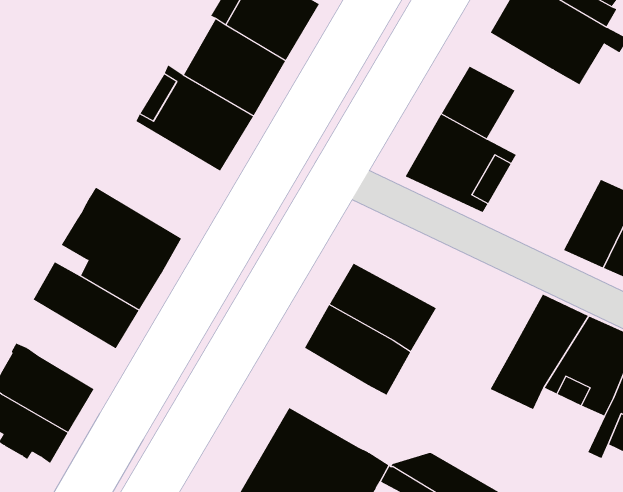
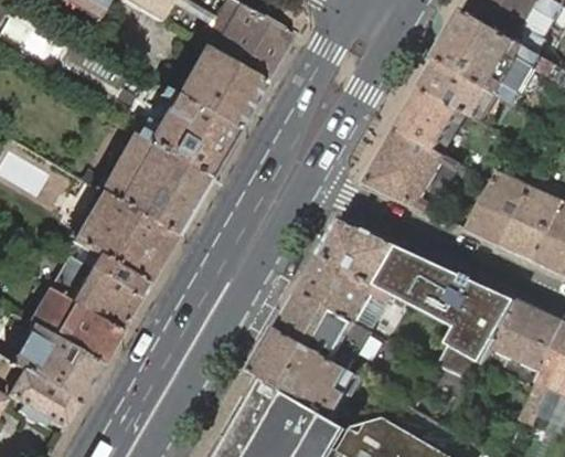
building: none -> [419,60,491,118]
building: none -> [79,135,206,236]
building: none -> [466,170,532,246]
building: none -> [320,220,482,330]
building: none -> [28,289,117,365]
building: none -> [252,330,362,419]

